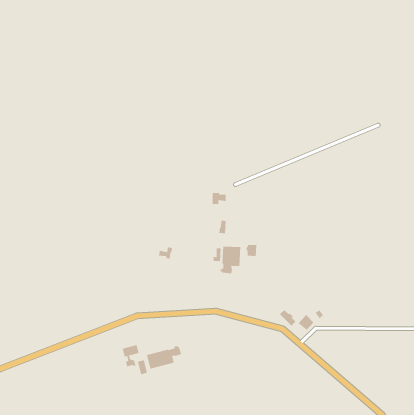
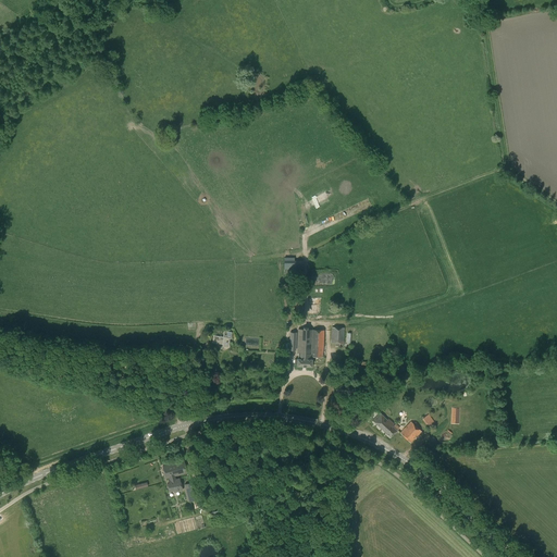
building: [146,345,182,370] -> none

